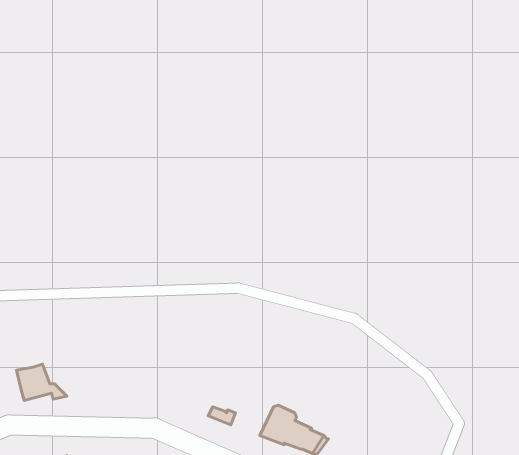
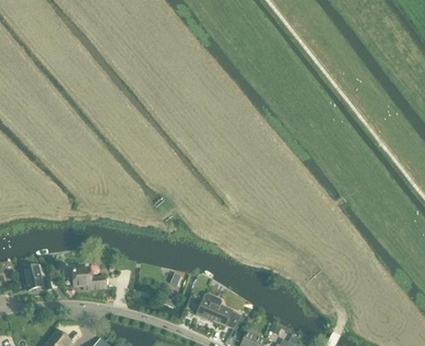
building: none -> [72,269,105,289]

